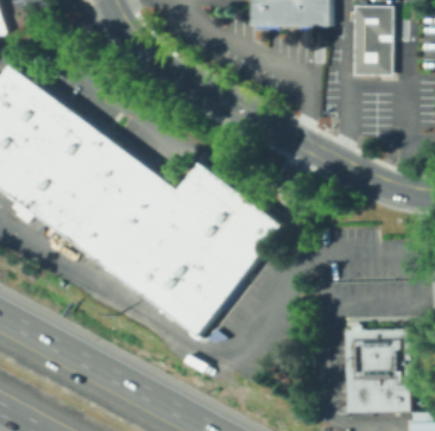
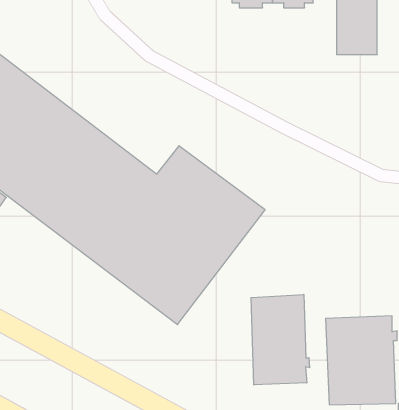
building: none -> [251,294,310,385]

